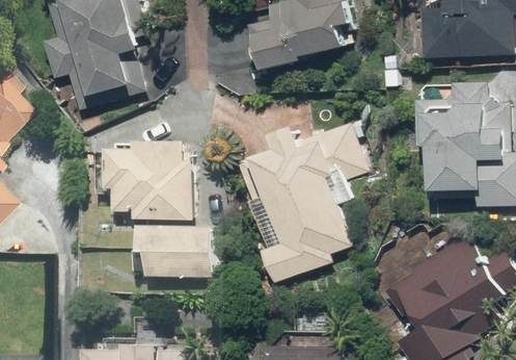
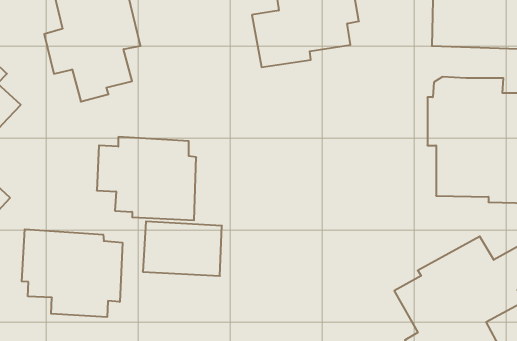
building: [245,121,370,282] -> none
building: none -> [22,229,122,317]

